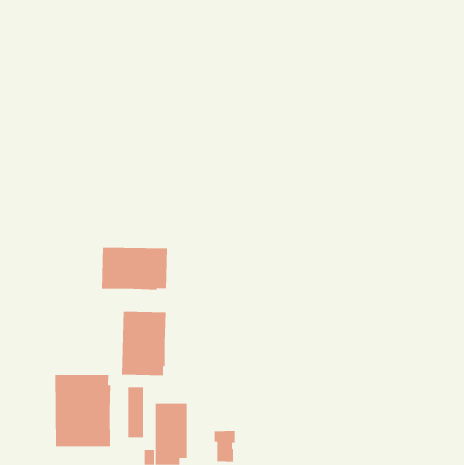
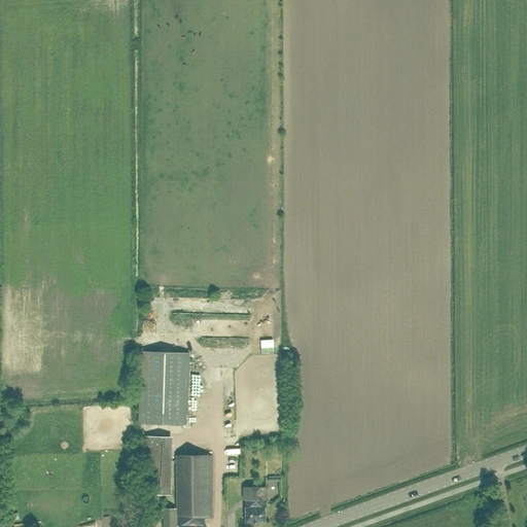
building: [102,247,167,290] -> none
building: [55,374,111,447] -> none

